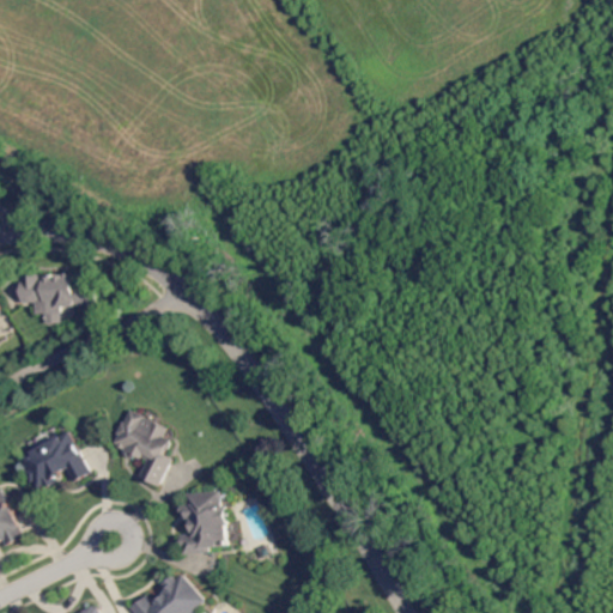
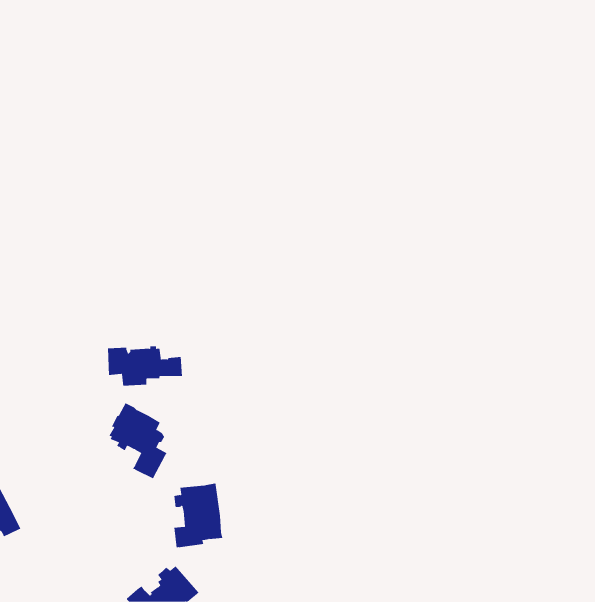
building: [17,273,93,314] -> [107,346,183,386]
building: [17,430,89,488] -> none

